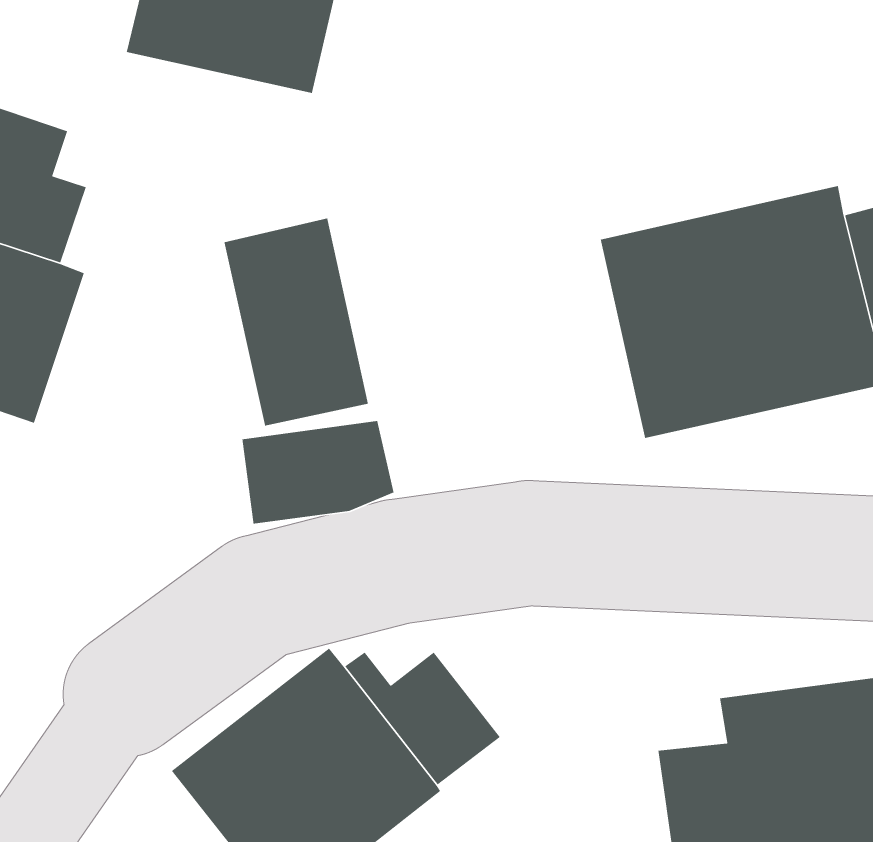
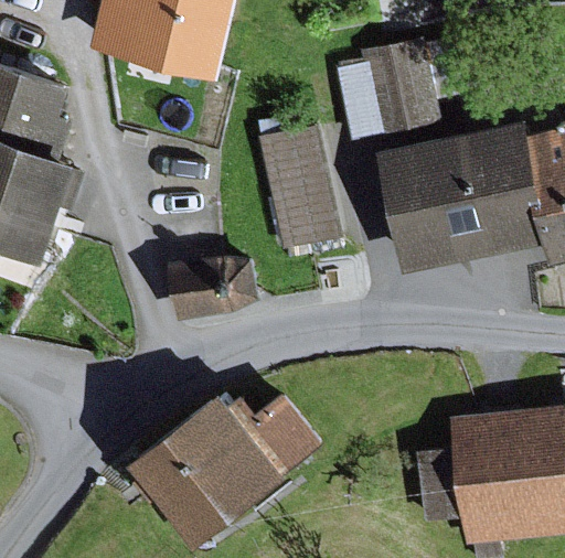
building: none -> [337,40,441,141]
building: [223,218,369,426] -> [258,126,344,249]

